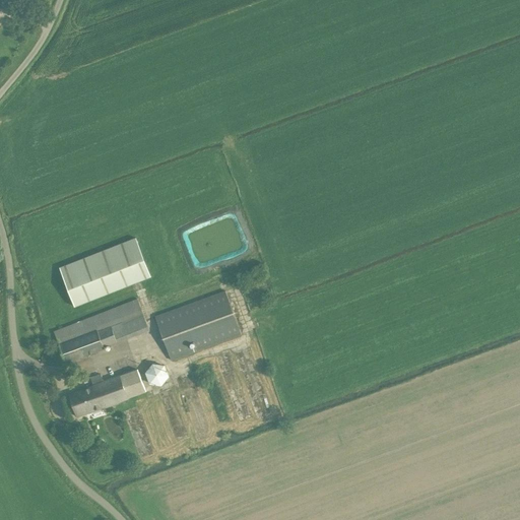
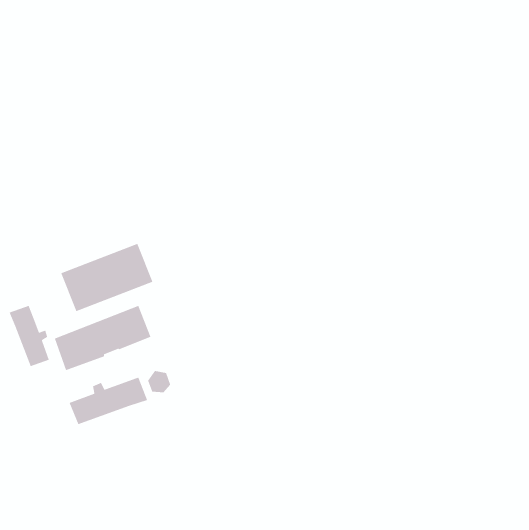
building: [153,290,241,361] -> none
building: none -> [9,305,50,367]

